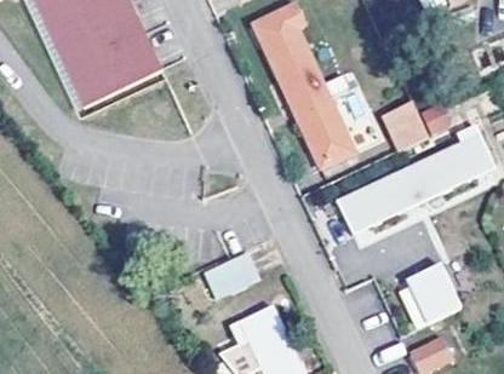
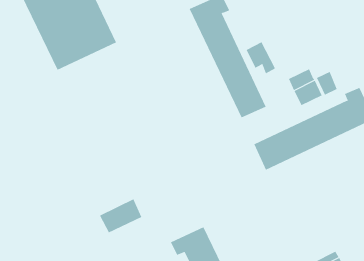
building: [204,253,259,298] -> [99,199,142,233]
building: [407,263,463,323] -> none

